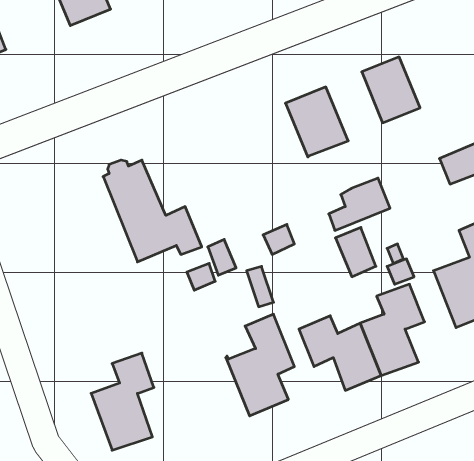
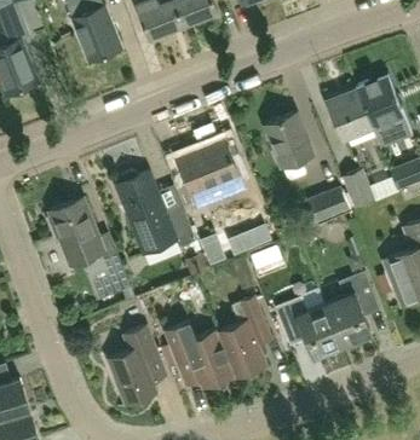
building: none -> [356,76,412,151]
building: none -> [173,141,240,209]
building: none -> [48,198,134,301]
building: [335,227,376,277] -> [341,169,374,209]
building: none -> [160,322,235,389]

